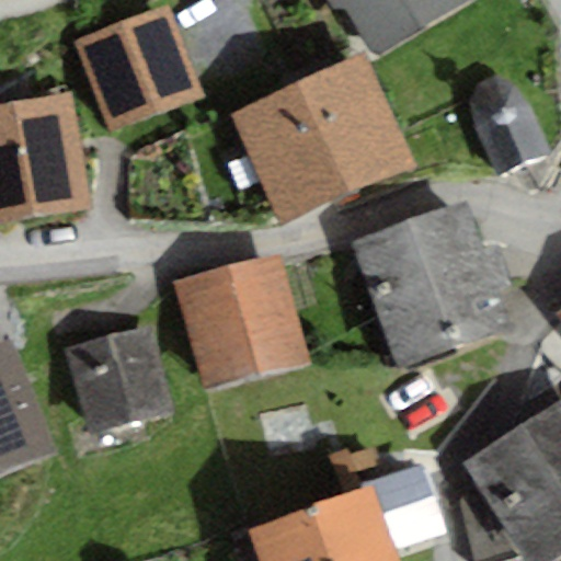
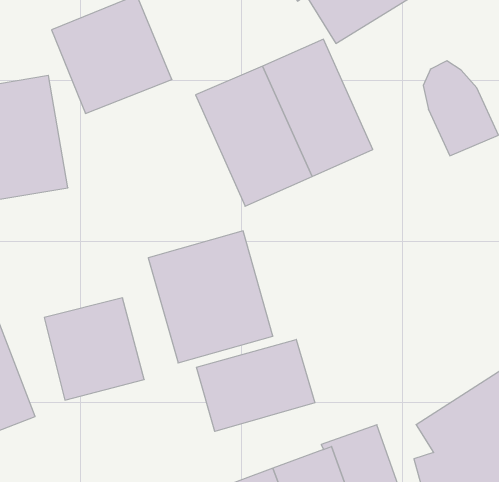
building: [352,196,511,362] -> none
building: none -> [197,339,315,431]

